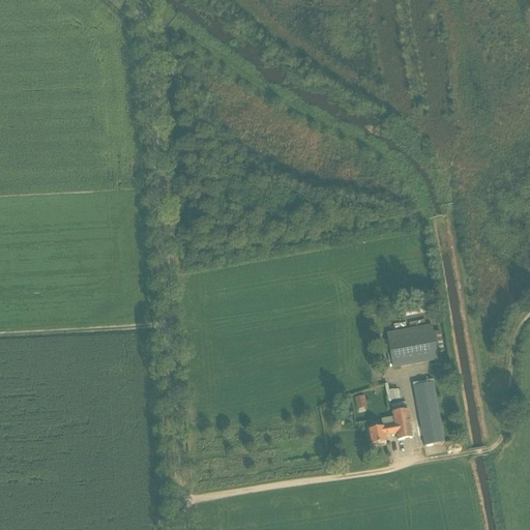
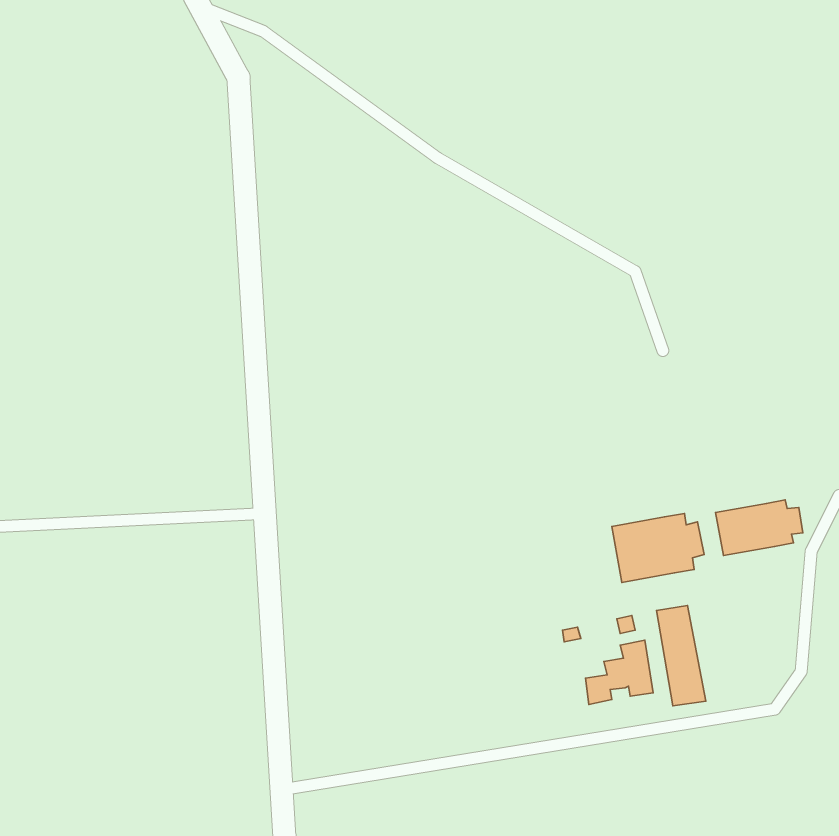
building: none -> [716,500,803,556]

